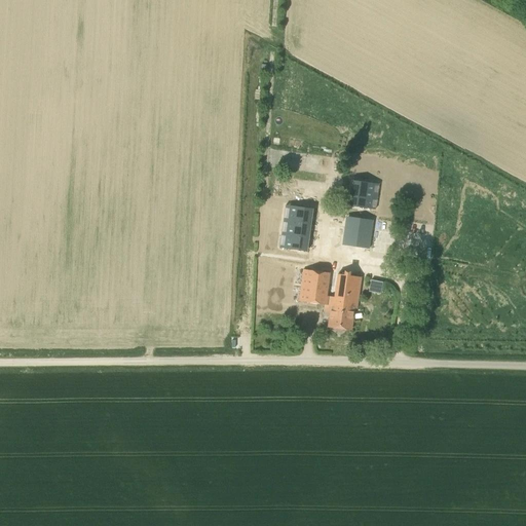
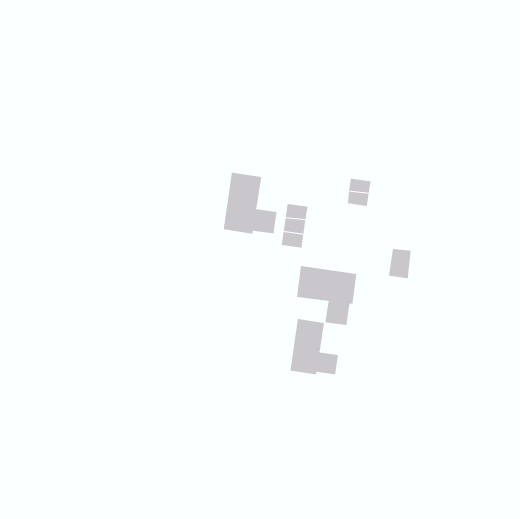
building: none -> [223,172,277,234]
building: [348,217,372,248] -> [388,248,412,279]
building: none -> [290,318,339,375]

